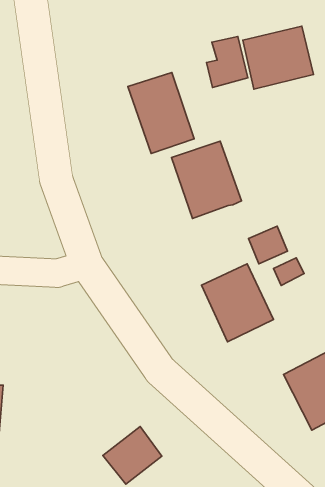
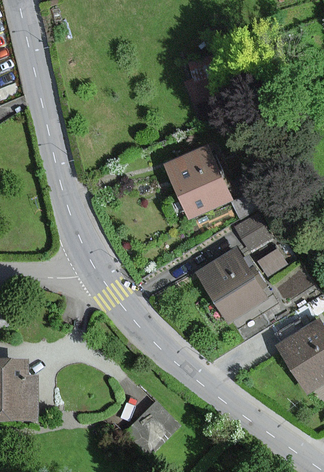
building: [243,26,314,89] -> none
building: [128,73,194,154] -> none

